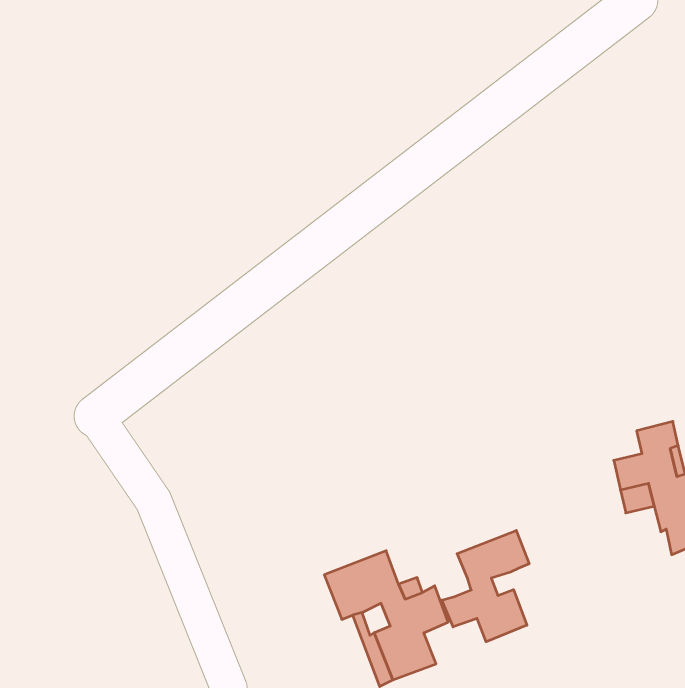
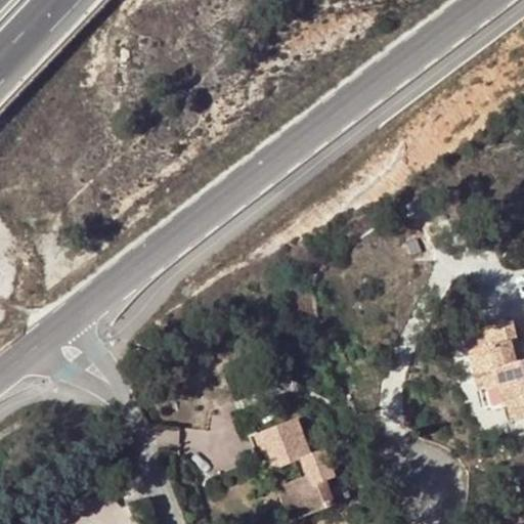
building: [442,530,529,642] -> none

